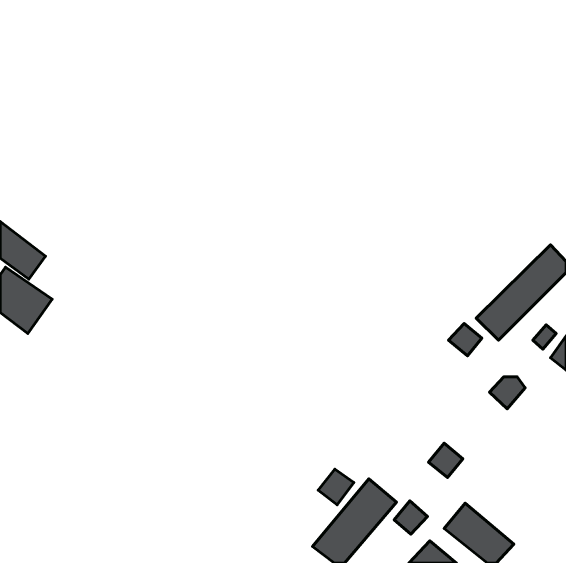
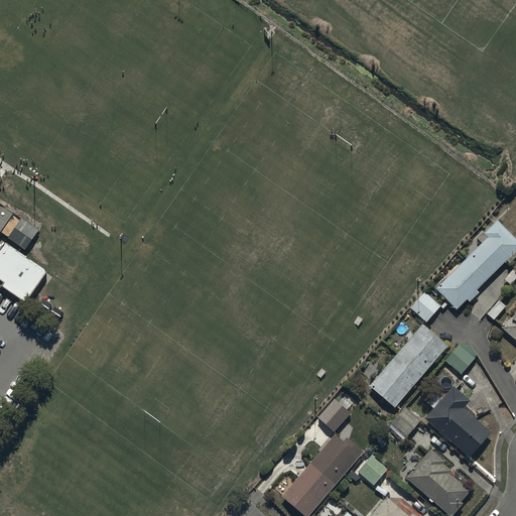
building: none -> [370,326,446,408]
building: none -> [423,384,492,457]
building: [318,469,354,505] -> [319,400,352,432]

